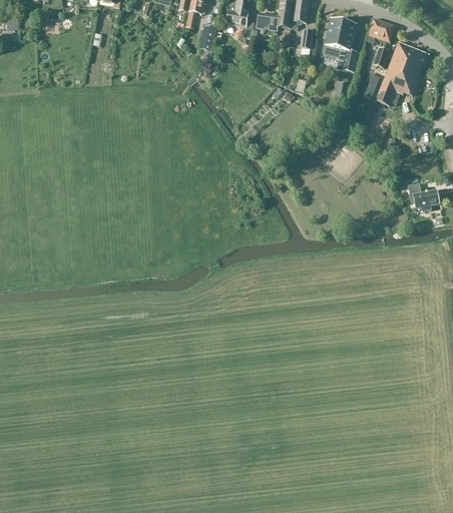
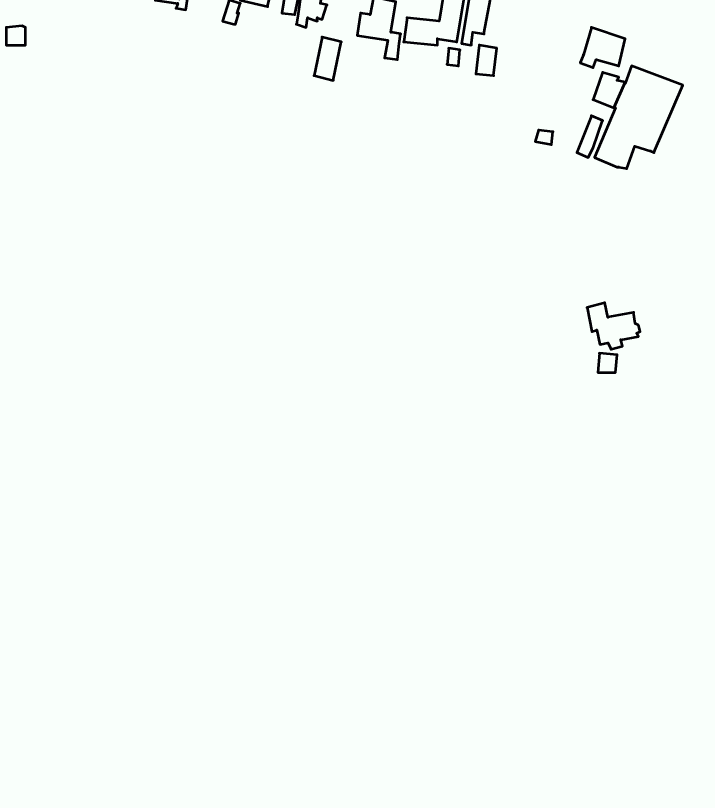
building: [323,19,357,70] -> none
building: [407,182,440,211] -> [587,303,640,349]

